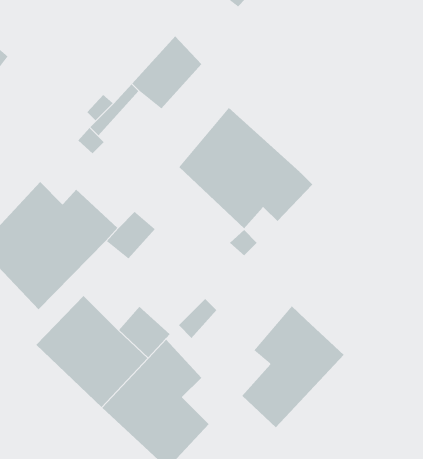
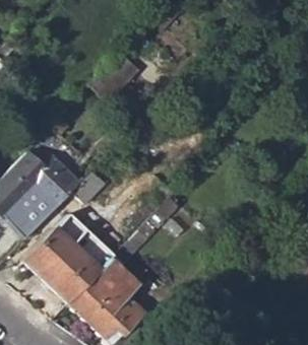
building: [179,107,313,229] -> none
building: [241,305,345,428] -> none

